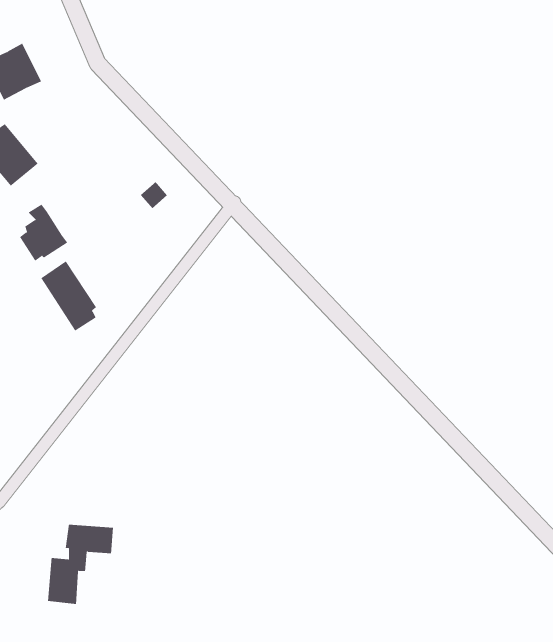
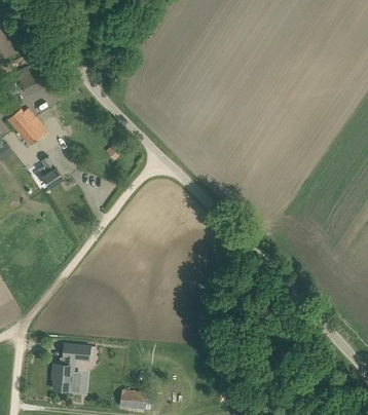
building: [40,260,97,332] -> none
building: none -> [119,390,147,409]

